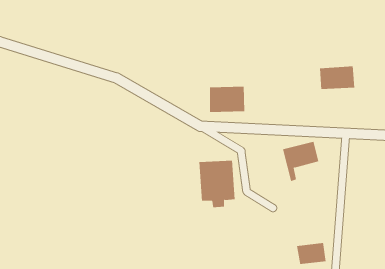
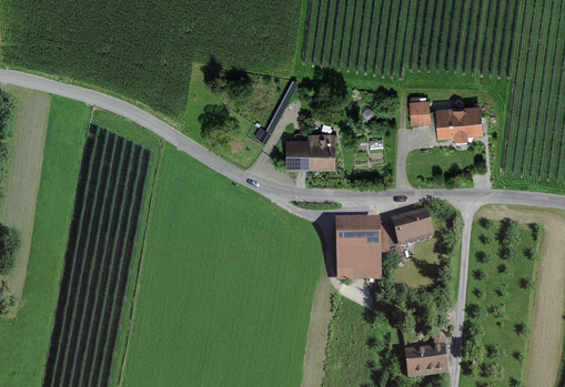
building: none -> [412,100,433,125]
building: [199,160,235,208] -> [334,216,384,281]

